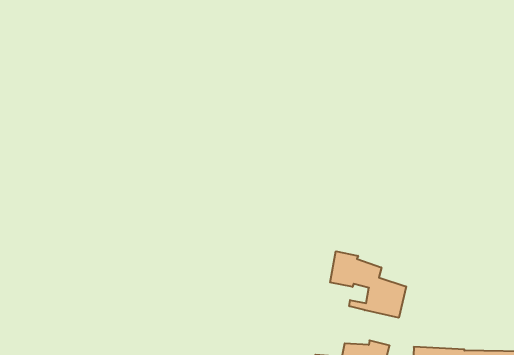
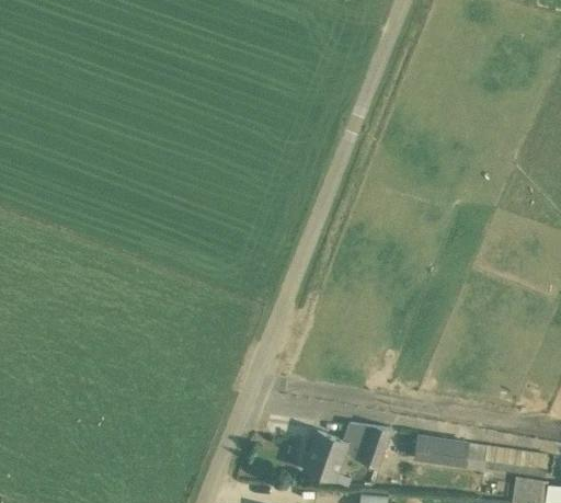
building: [330,251,406,318] -> none

